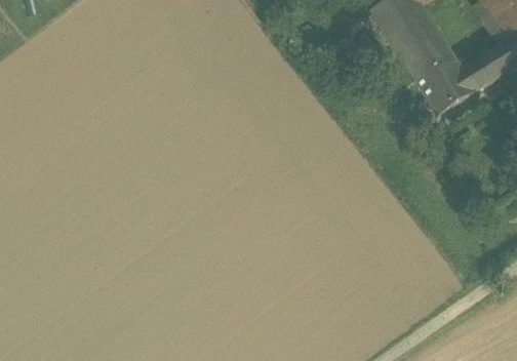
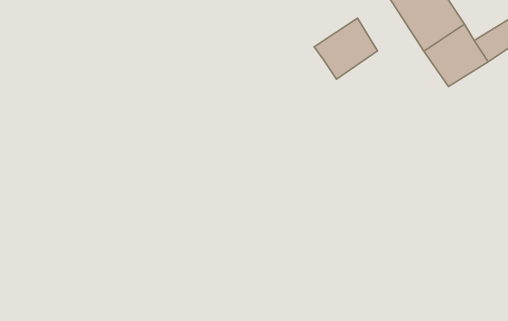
building: none -> [314,18,378,79]

